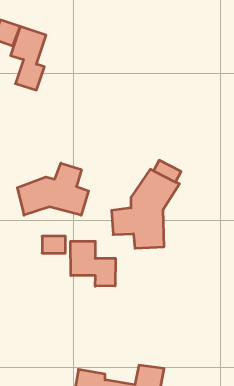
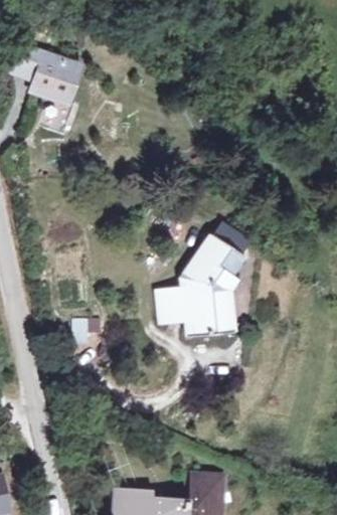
building: [17,163,89,215] -> none
building: [71,241,115,286] -> none

